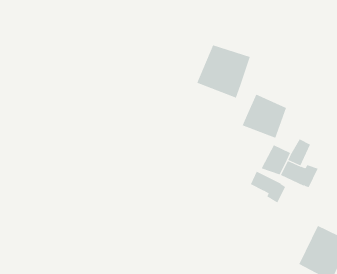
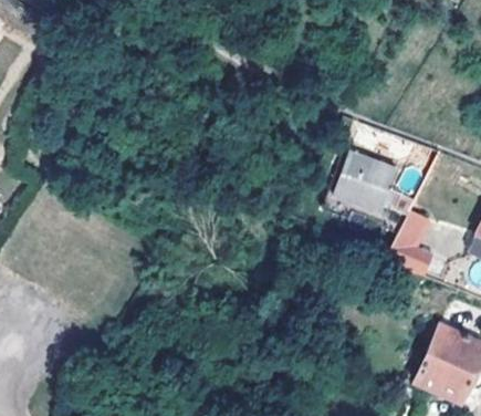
building: [196,44,251,99] -> none
building: [250,171,286,204] -> none

